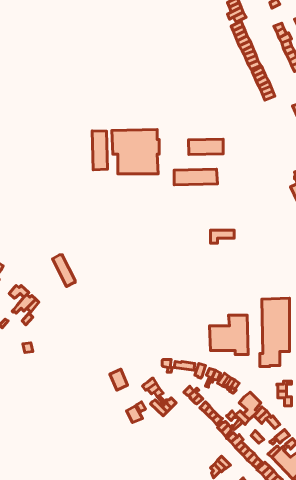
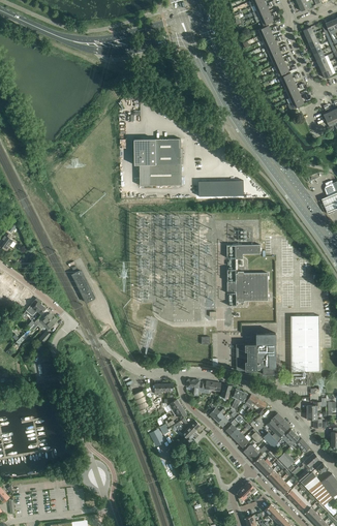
building: [92,131,107,170] -> none
building: [188,139,223,155] -> none
building: none -> [226,272,267,302]

